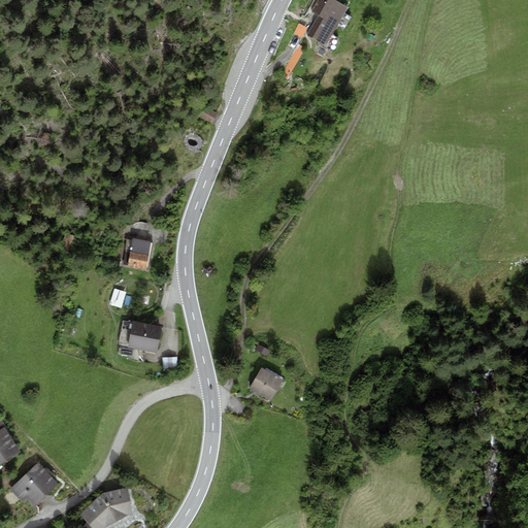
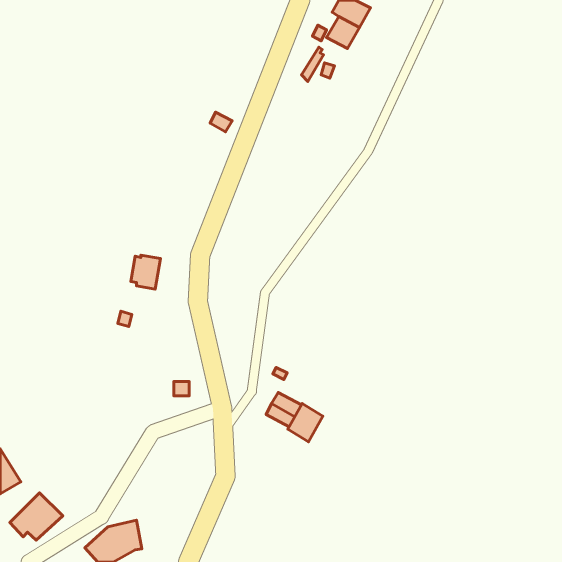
building: [118,321,160,352] -> none
building: none -> [288,403,323,442]

